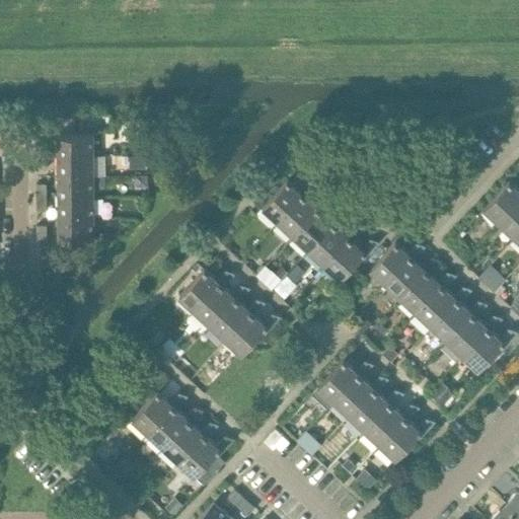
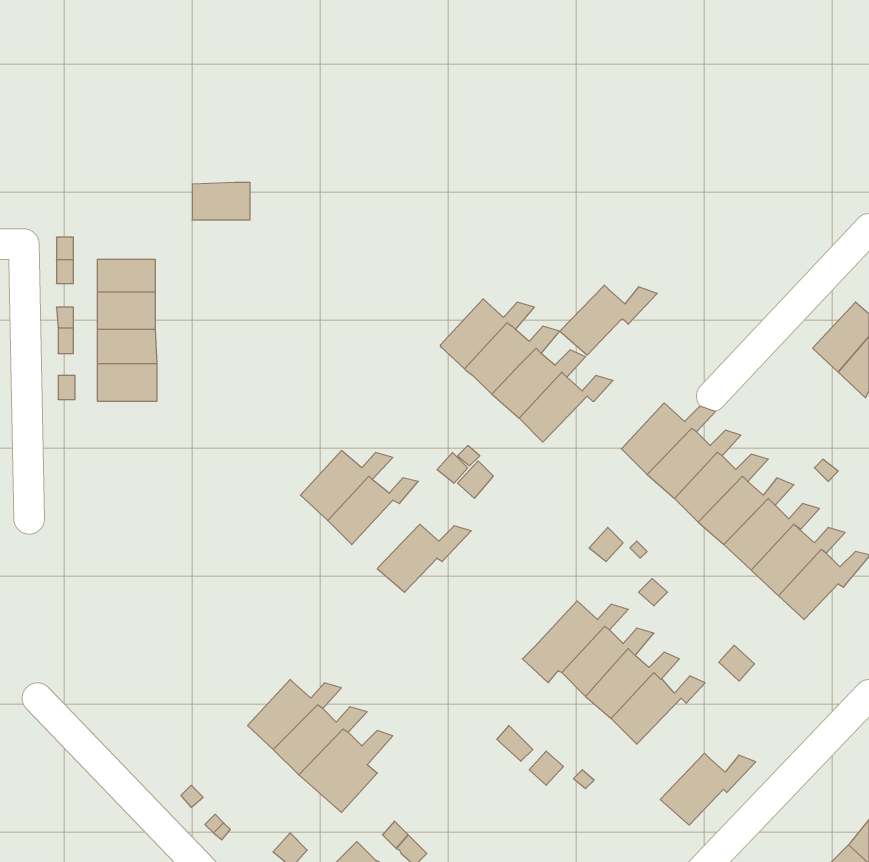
building: [58,138,92,160] -> [192,182,250,220]
building: [322,241,380,283] -> [560,285,657,355]
building: [209,303,264,344] -> none
building: [131,395,188,437] -> none
building: [378,421,435,463] -> [660,753,756,825]

